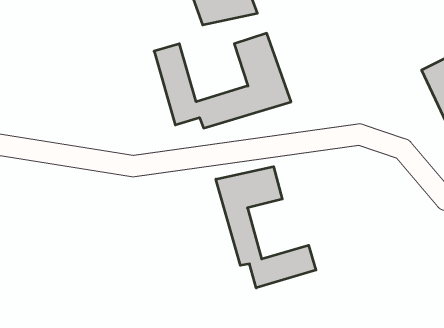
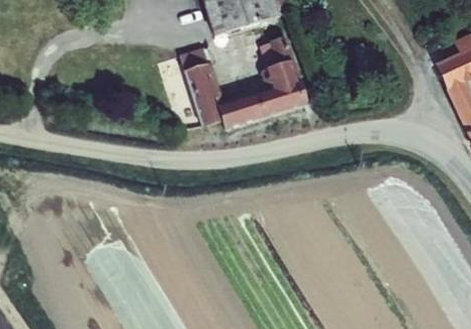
building: [216,167,316,288] -> none

